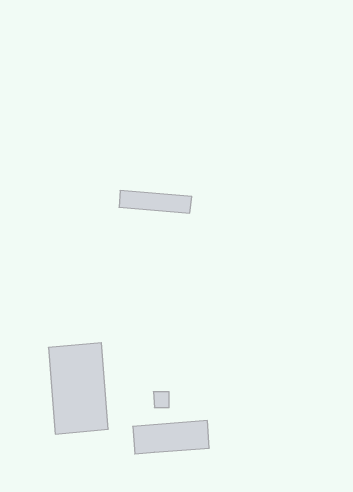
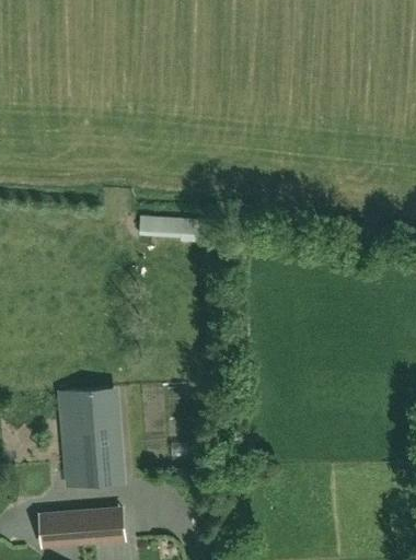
building: [133,421,209,454] -> [39,509,125,546]

